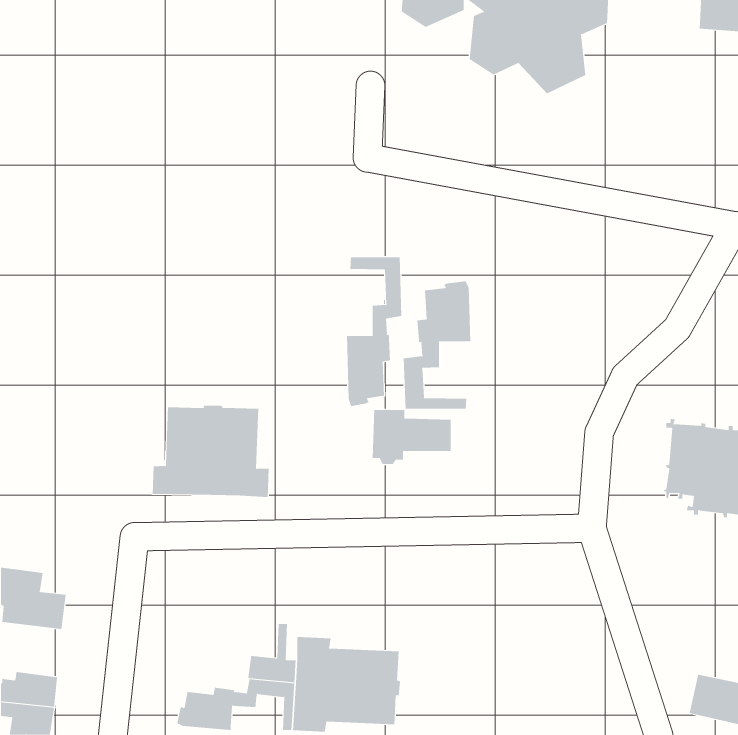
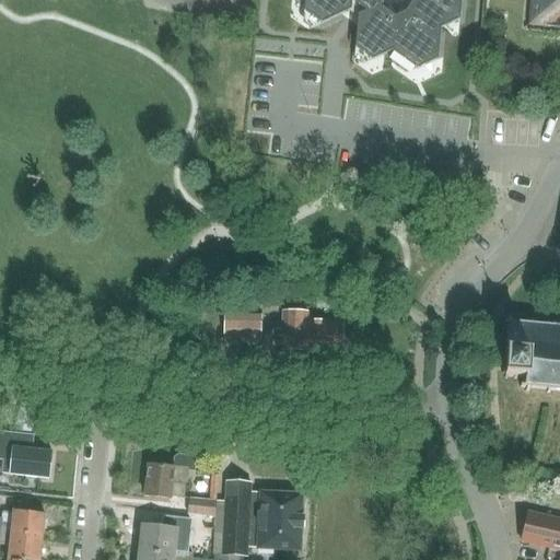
building: [347,256,402,407] -> none
building: [403,281,471,409] -> none
building: [152,405,269,498] -> none
building: none -> [223,306,262,339]
building: none -> [145,453,196,495]

